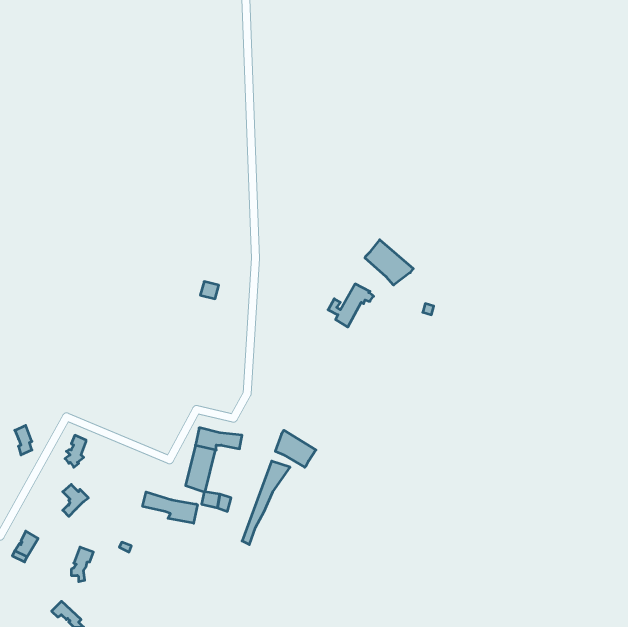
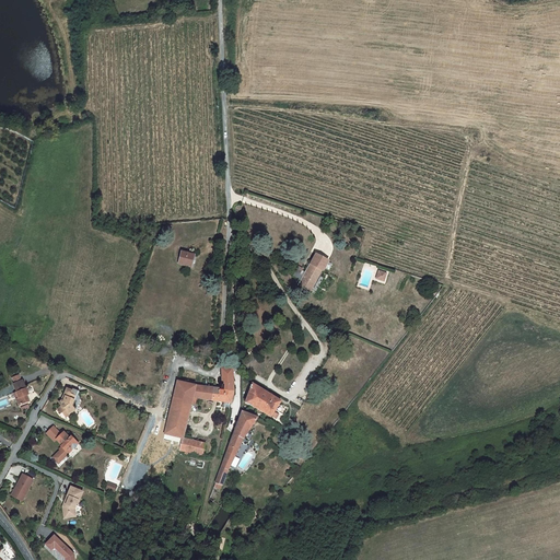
building: [365,240,413,285] -> none
building: none -> [213,368,234,402]
building: [143,492,197,523] -> none

